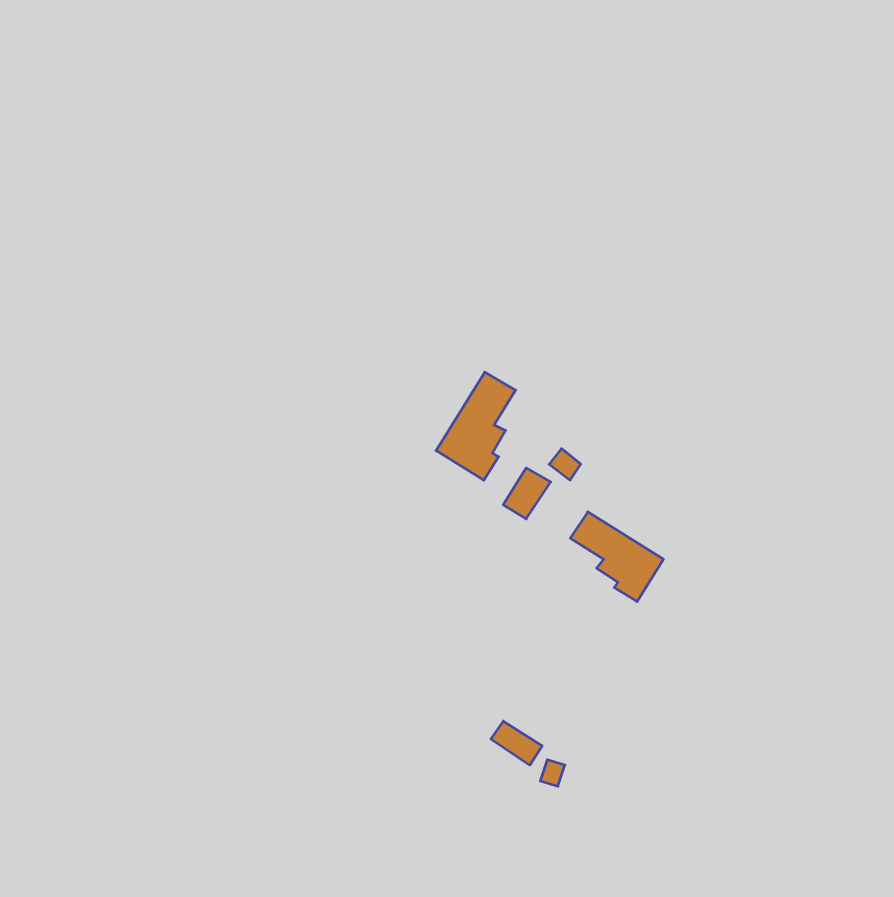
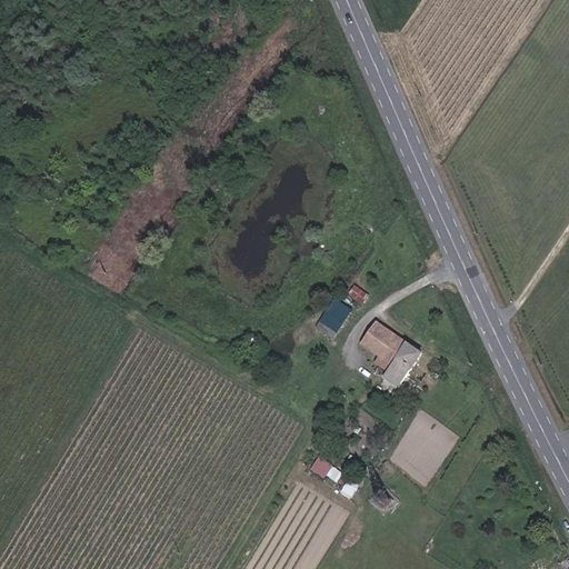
building: [436,372,516,480] -> none

